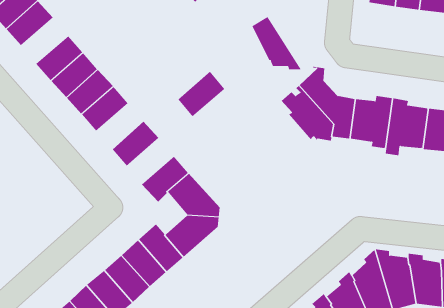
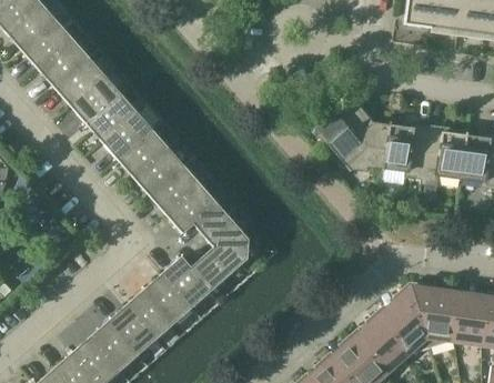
building: [252,16,302,70] -> none
building: none -> [40,39,90,88]
building: [177,71,225,117] -> [151,165,201,214]
building: none -> [119,129,169,178]

